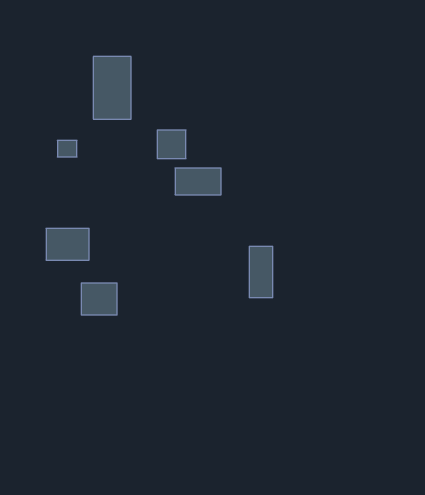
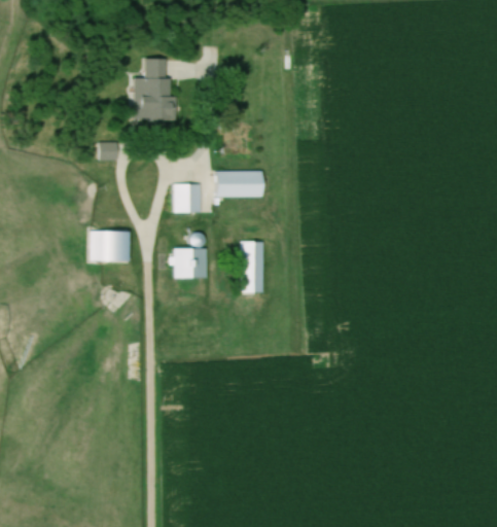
building: [157,130,186,159] -> [172,183,201,212]
building: [249,246,273,298] -> [240,241,263,292]
building: [81,283,117,315] -> [171,247,207,279]

